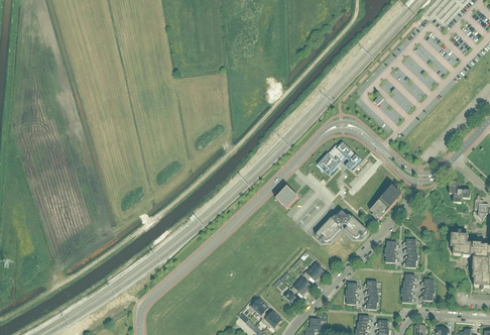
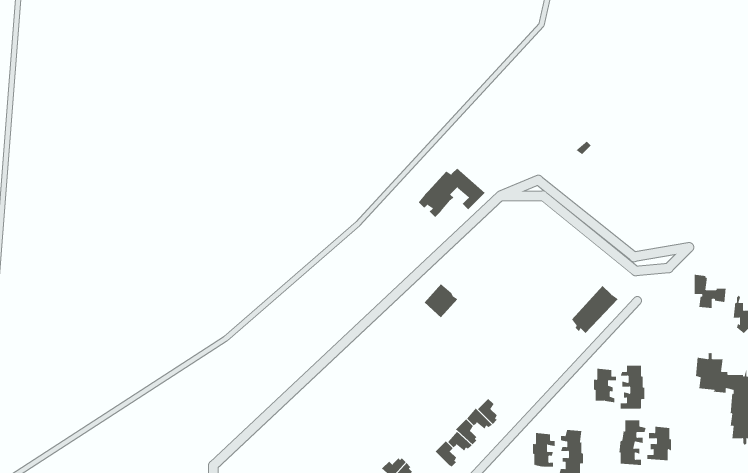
building: [317,142,360,175] -> [418,168,485,218]
building: [315,211,366,241] -> none

